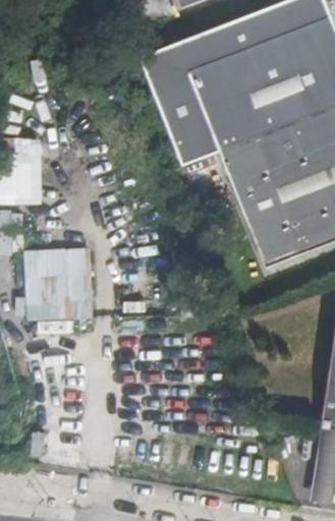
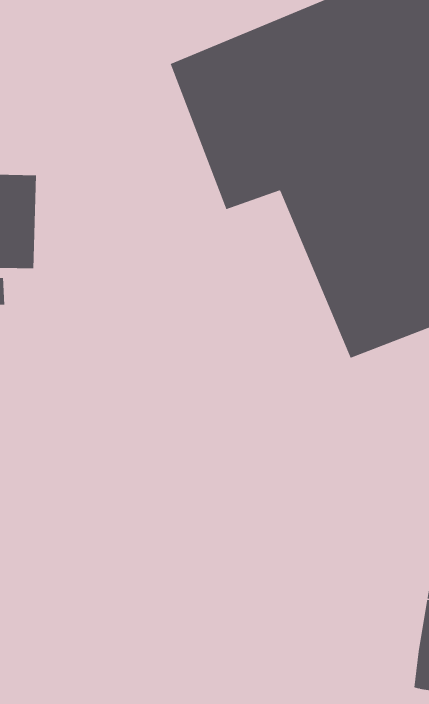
building: [26,245,93,332] -> none

